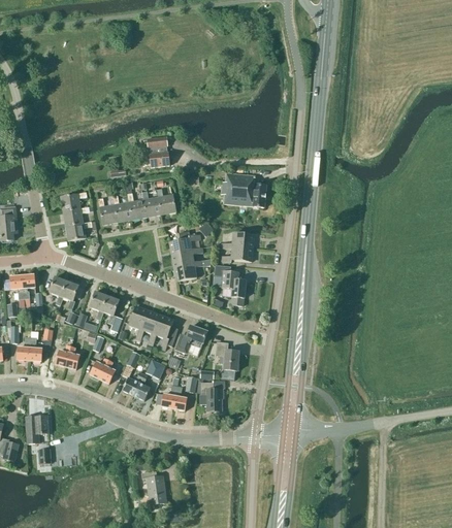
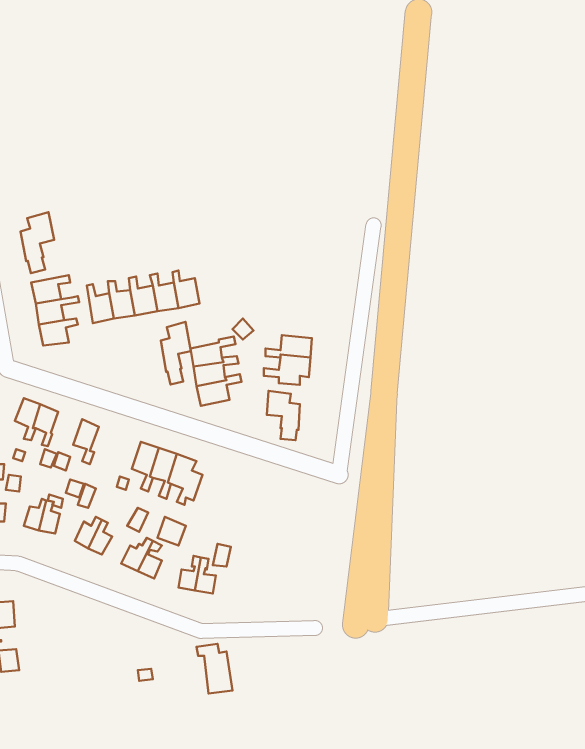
building: [147,137,169,167] -> none
building: none -> [20,212,54,273]
building: [221,173,266,207] -> none
building: none -> [161,322,191,384]
building: [100,296,122,332] -> none
building: [174,326,206,353] -> none
building: [216,341,238,371] -> none
building: [201,381,225,411] -> none
building: [141,470,166,504] -> [197,644,233,693]

